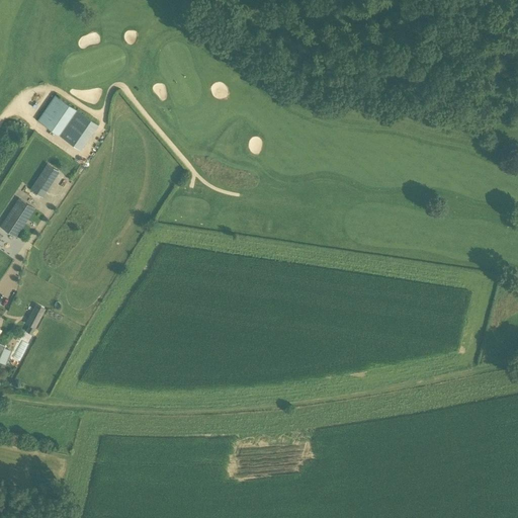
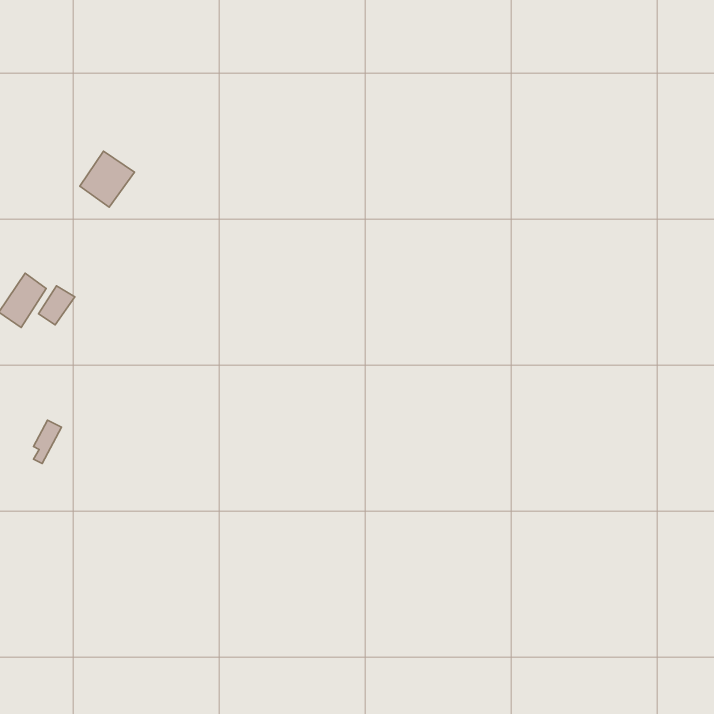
building: [36,95,75,136] -> none
building: [32,164,59,192] -> [38,286,75,325]

